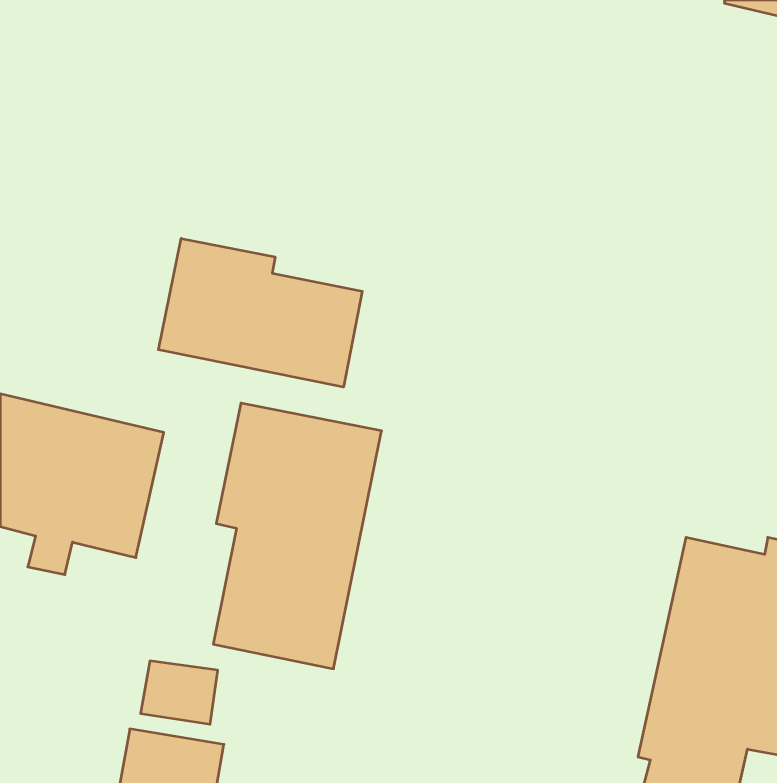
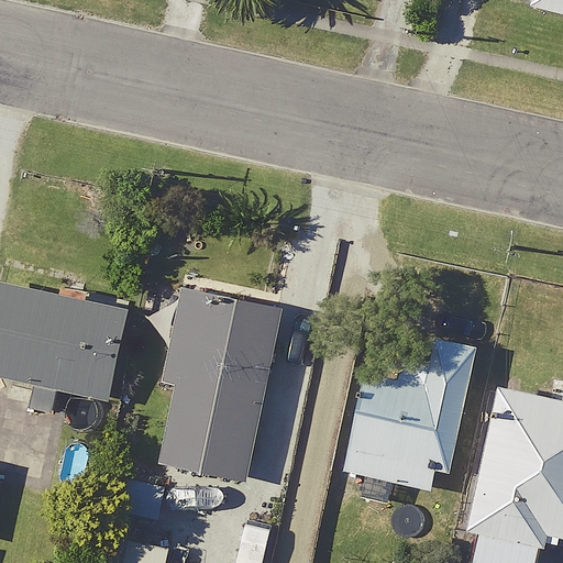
building: [158,238,362,387] -> none
building: none -> [336,323,475,507]

